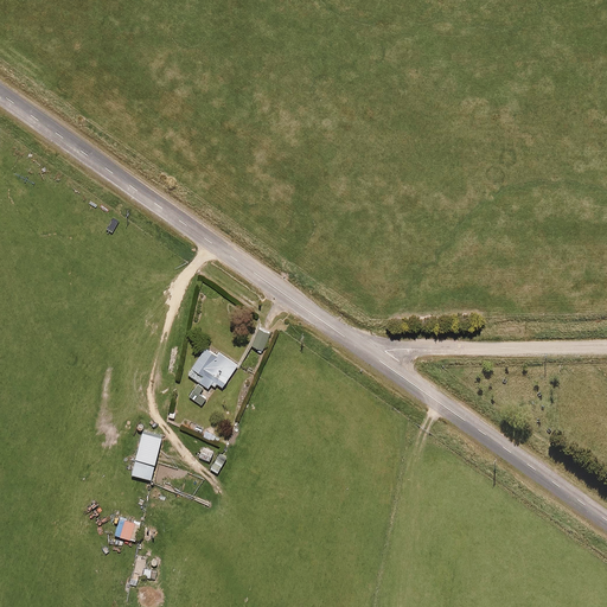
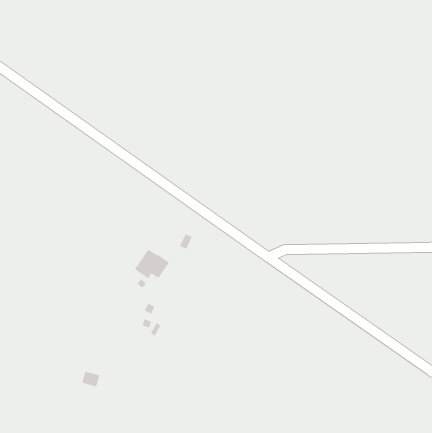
building: [132,428,161,477] -> none

